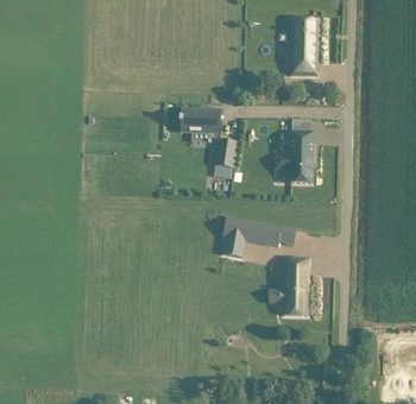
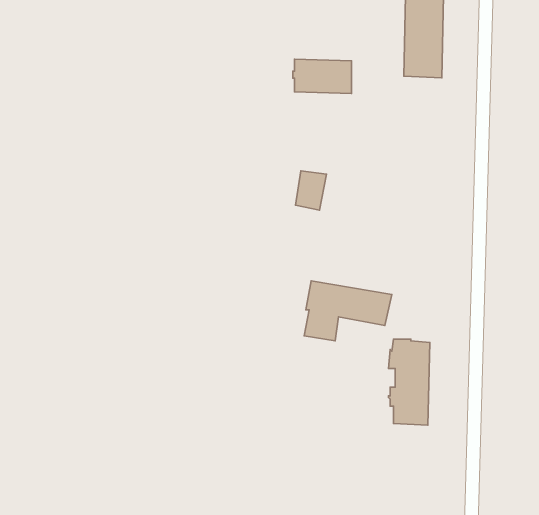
building: [181,108,221,132] -> [293,59,351,94]
building: [289,131,314,182] -> none

